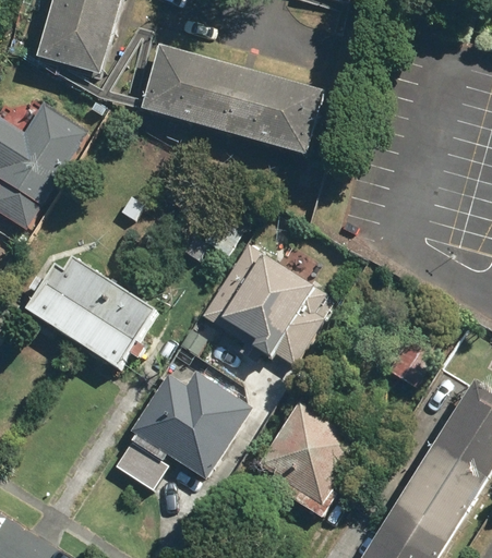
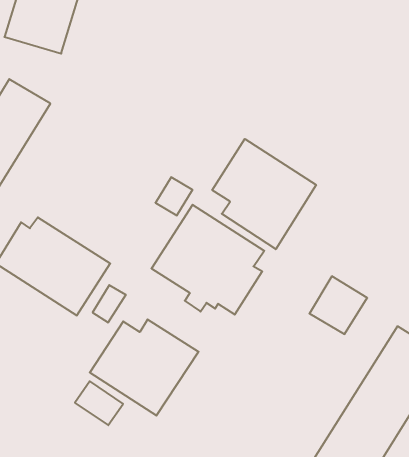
building: [142,46,323,156] -> none
building: none -> [212,139,316,249]
building: [256,398,363,518] -> none

